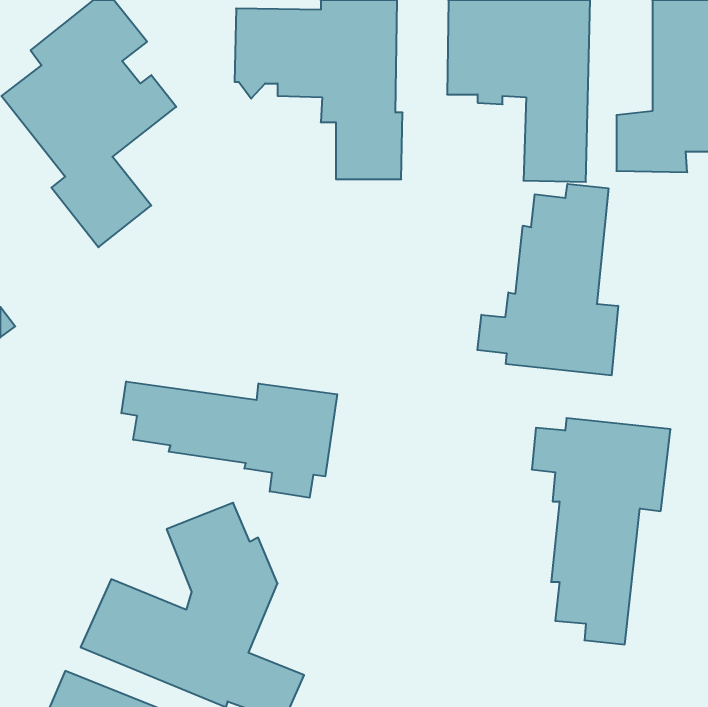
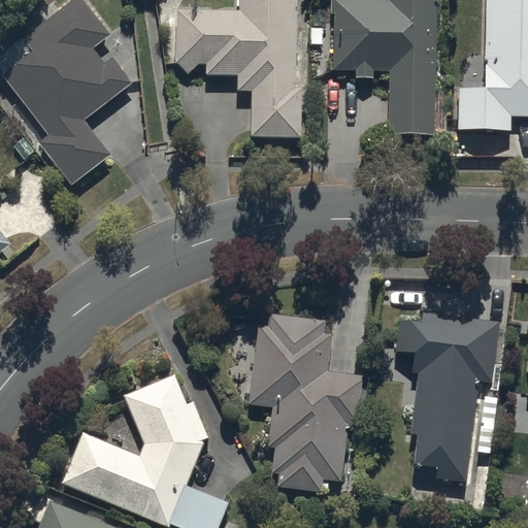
building: [477,184,618,375] -> none
building: [121,381,337,498] -> none
building: none -> [248,314,364,492]

